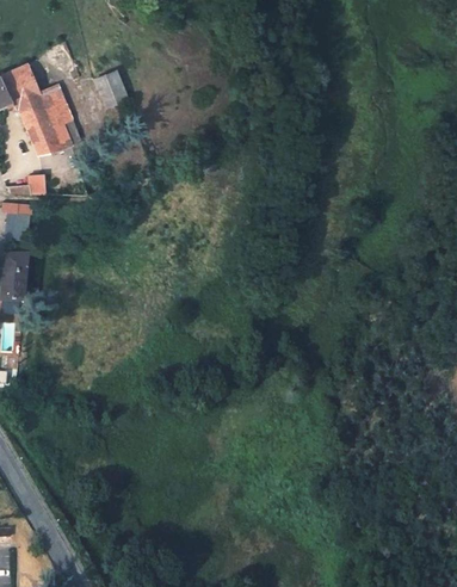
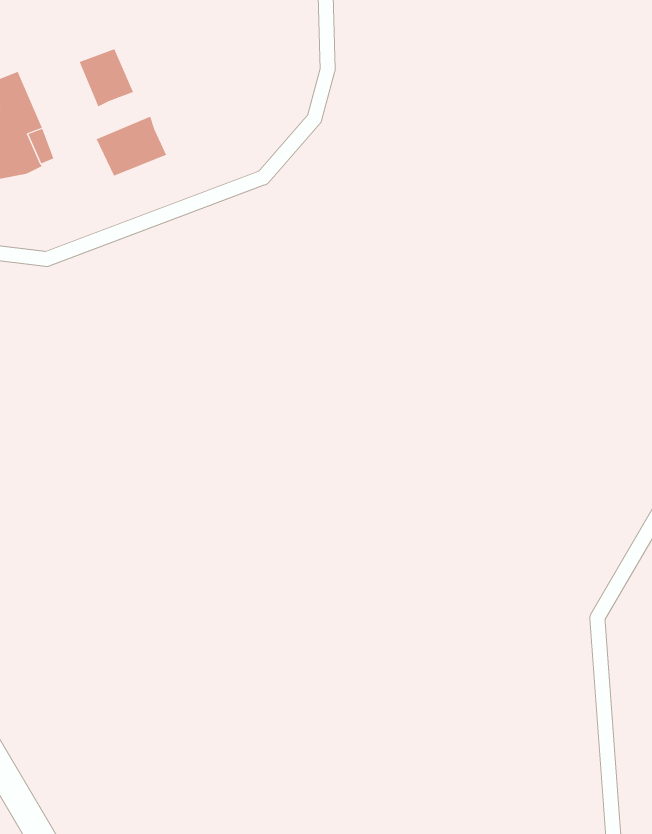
building: none -> [96,116,167,176]

